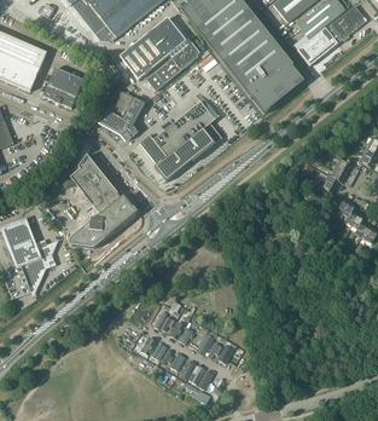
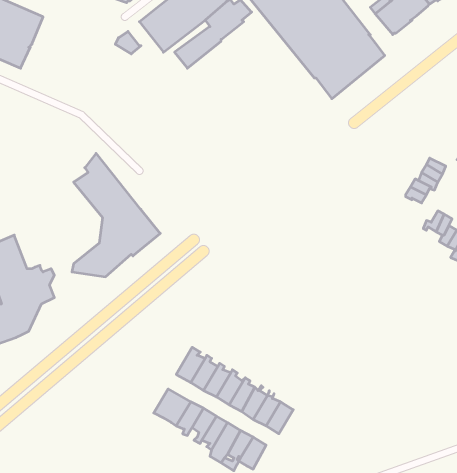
building: [43,68,83,108] -> none
building: [98,87,145,142] -> none
building: [139,102,222,181] -> none

